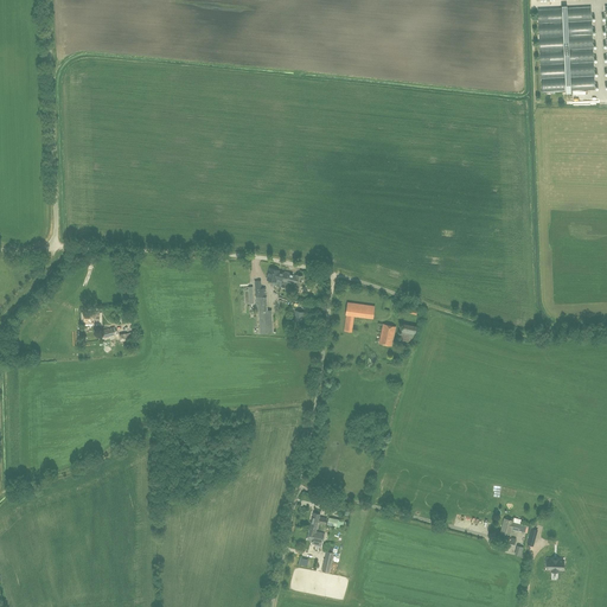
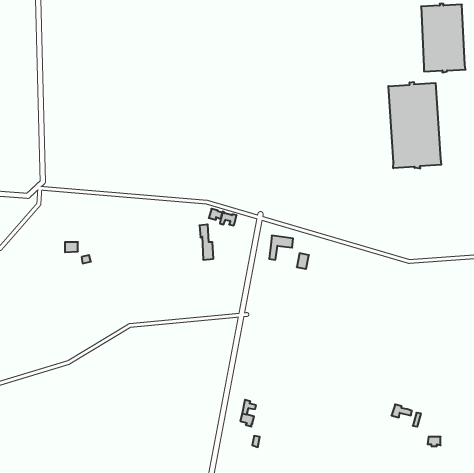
building: none -> [388,82,441,169]

